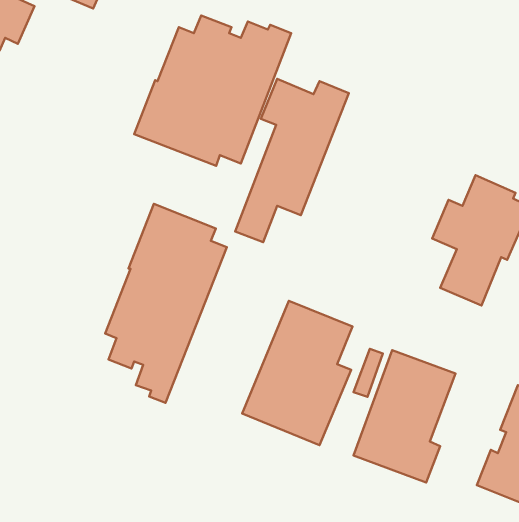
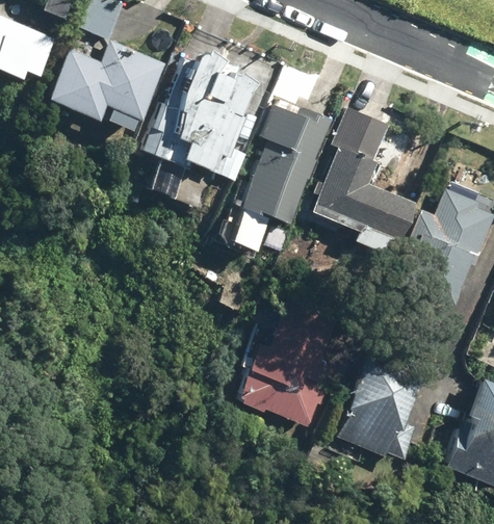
building: none -> [48,40,164,130]
building: none -> [312,110,411,244]
building: [105,204,227,403] -> none

